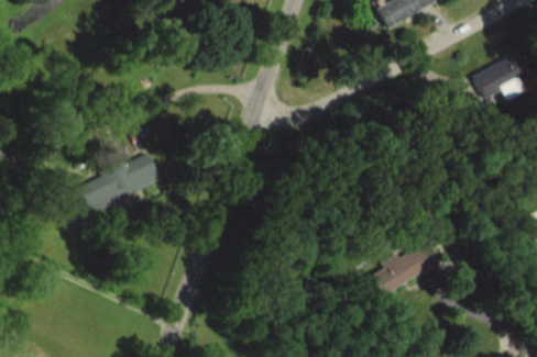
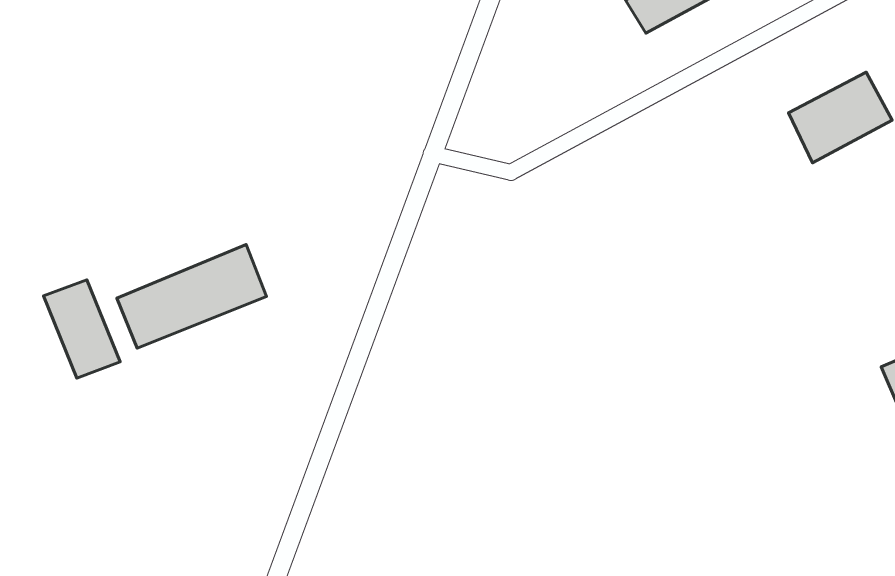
building: none -> [43,280,120,378]
building: [366,241,435,298] -> none

